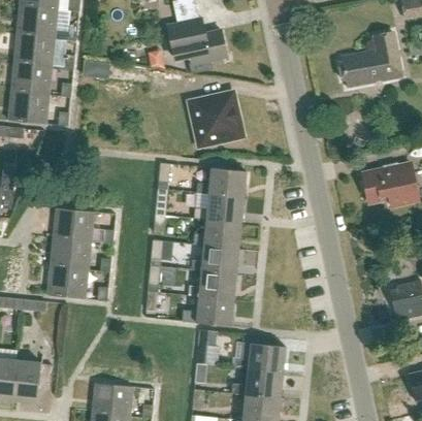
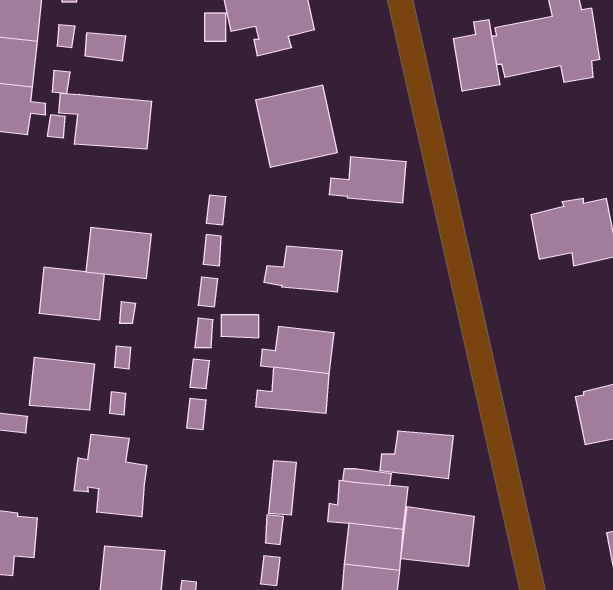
building: none -> [454,20,500,91]
building: none -> [59,93,152,149]
building: [198,168,247,197] -> [329,157,406,203]
building: [195,220,241,249] -> none
building: [51,236,92,268] -> [86,228,151,278]
building: [188,296,234,326] -> [380,431,454,479]
building: none -> [74,434,147,517]
building: none -> [401,507,474,566]

